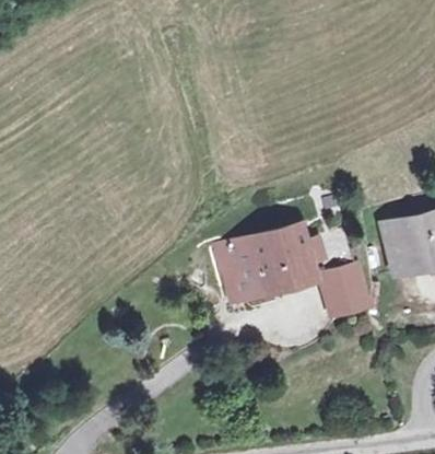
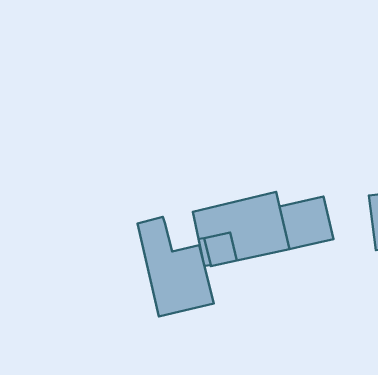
building: none -> [137,217,214,317]
building: [322,268,366,315] -> none

